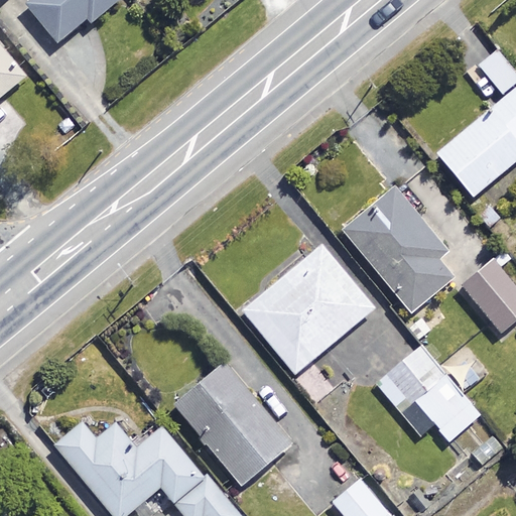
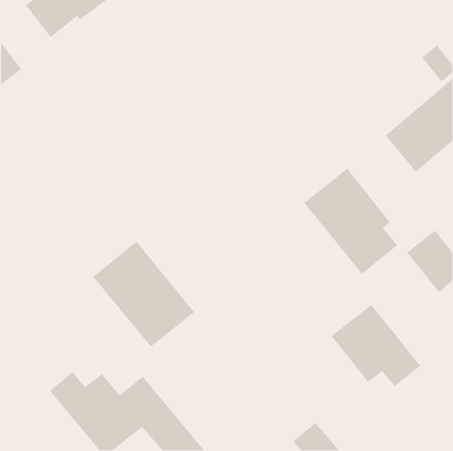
building: [243,245,374,374] -> none
building: [175,363,292,485] -> [92,240,195,348]

